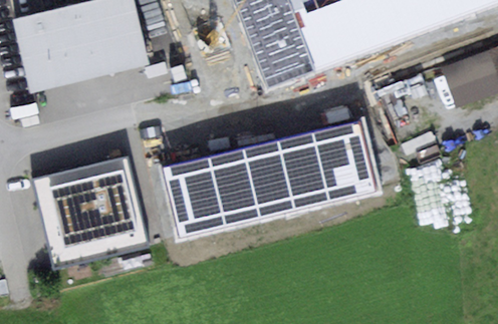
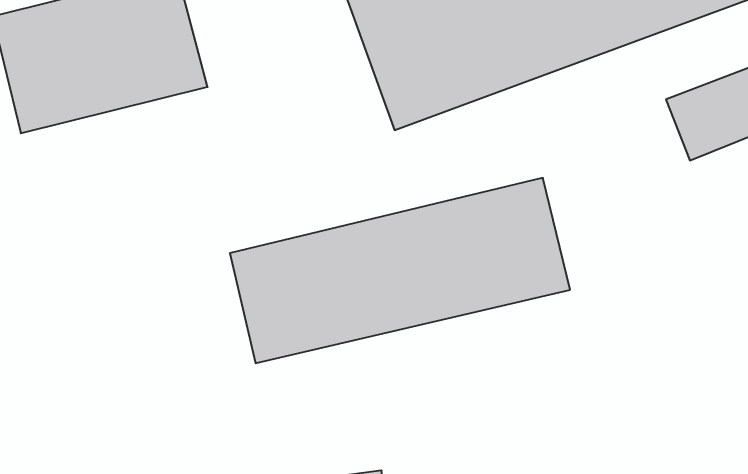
building: [34,157,147,265] -> none

